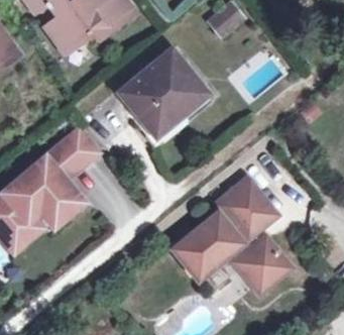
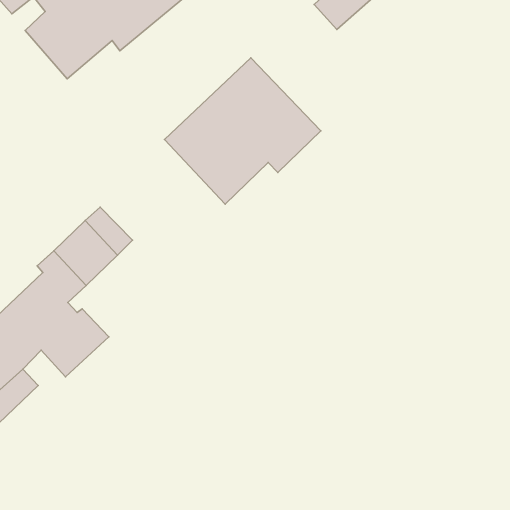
building: [176,179,289,291] -> none

